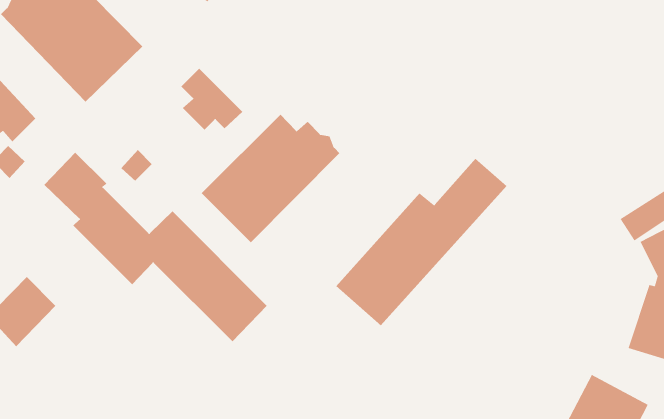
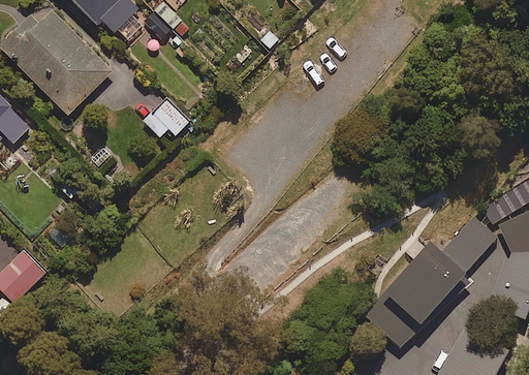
building: [201,114,340,243] -> none
building: [43,152,268,342] -> none
building: [335,158,508,326] -> [365,214,498,344]

